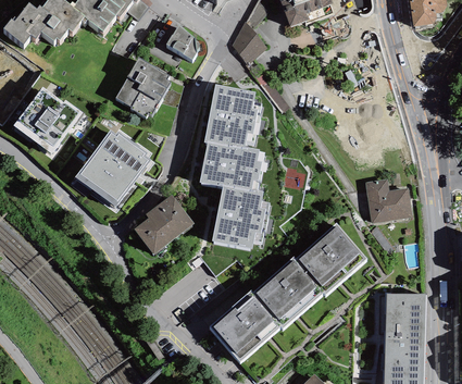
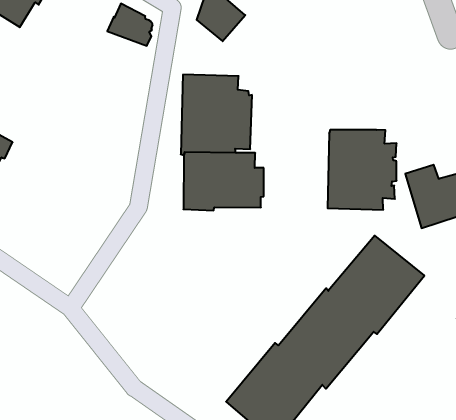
building: [115,58,171,117] -> none
building: [75,129,150,207] -> none
building: [212,185,270,249] -> [328,130,397,210]
building: [134,195,193,255] -> none

